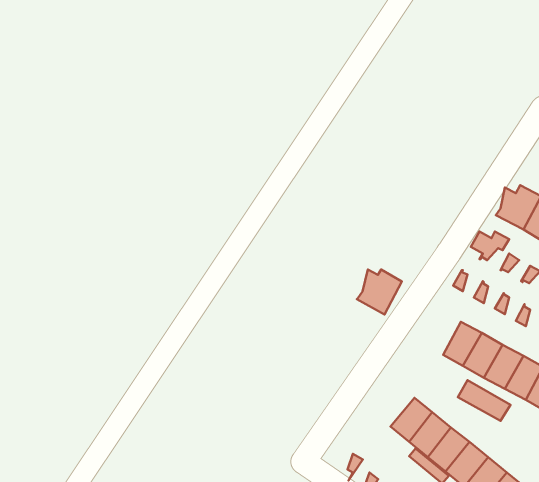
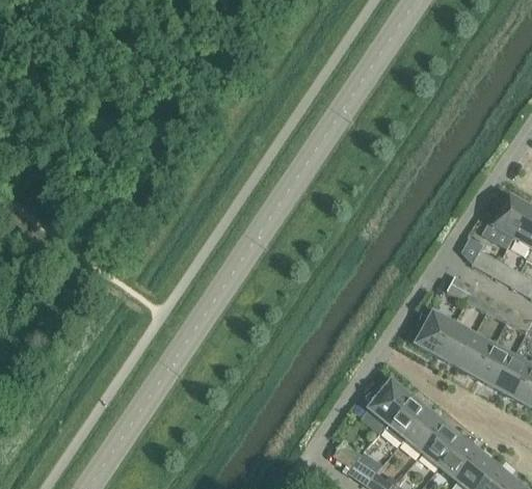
building: [357,269,402,315] -> [414,314,456,356]
building: none -> [367,378,413,424]
building: [458,380,511,421] -> none

